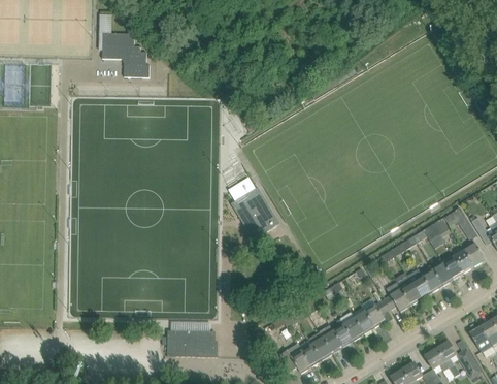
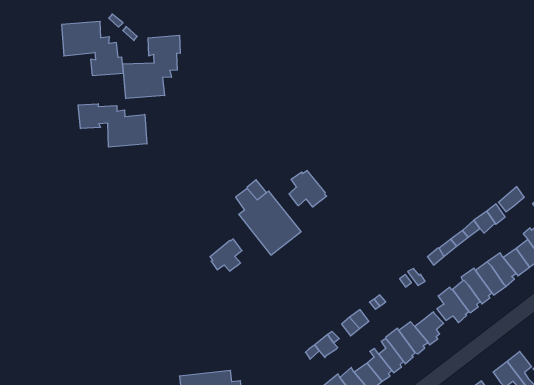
building: none -> [123,35,180,99]
building: none -> [78,104,147,147]
building: none -> [289,170,327,207]
building: none -> [210,239,242,271]

